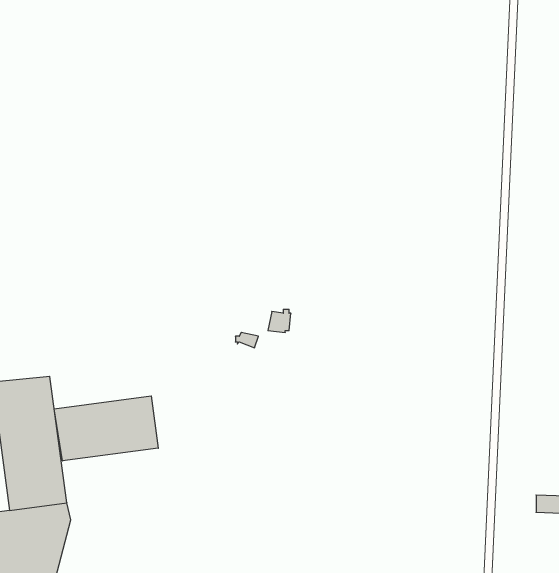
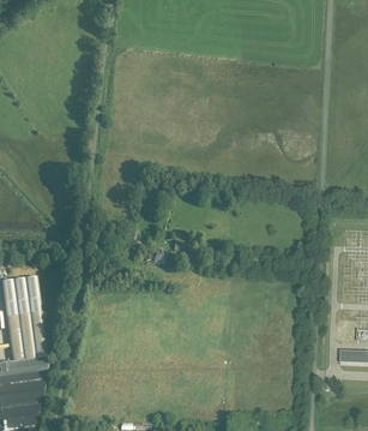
building: [54,396,158,461] -> none

